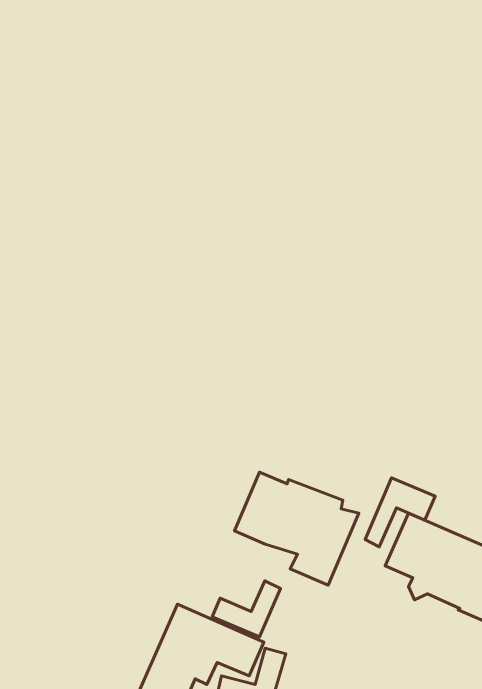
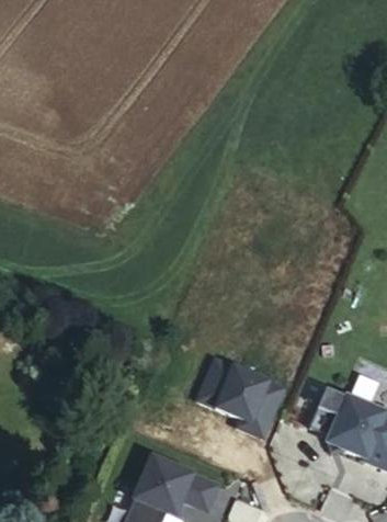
building: [365,478,435,547] -> none
building: [212,581,281,637] -> none

